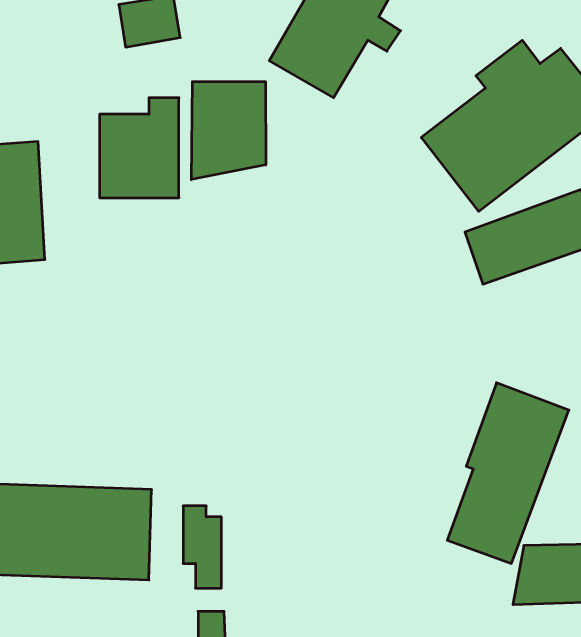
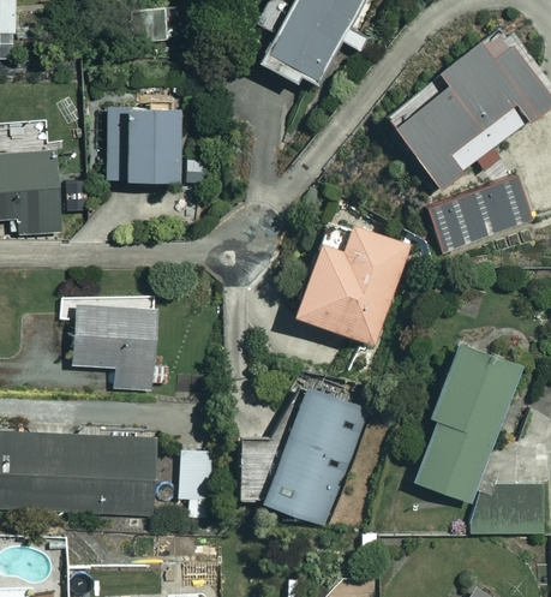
building: [191,82,266,180] -> none
building: none -> [291,222,415,345]
building: none -> [60,298,169,390]
building: none -> [240,380,375,530]

